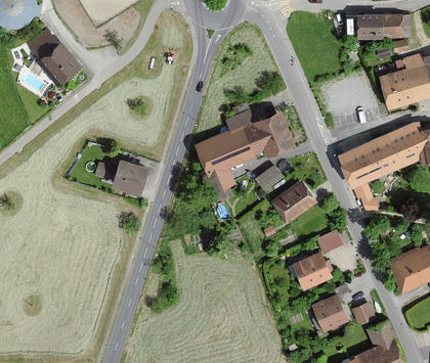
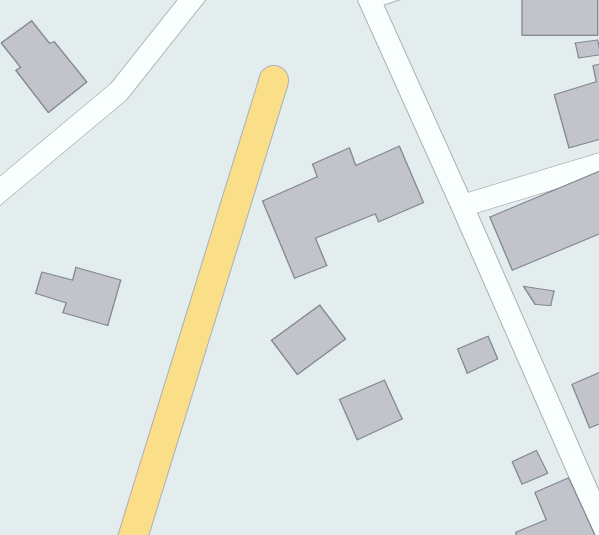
building: [94,160,148,196] -> [35,267,121,325]
building: [254,165,284,191] -> none
building: [270,181,317,225] -> [271,305,346,374]
building: [292,252,332,289] -> [339,380,402,440]
building: [311,293,349,332] -> none

